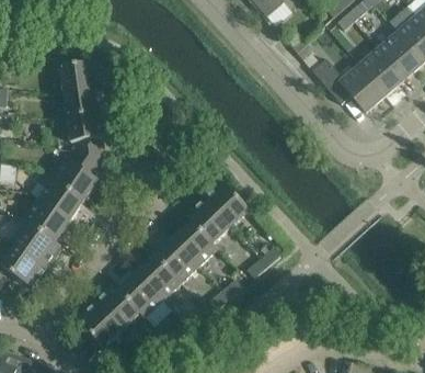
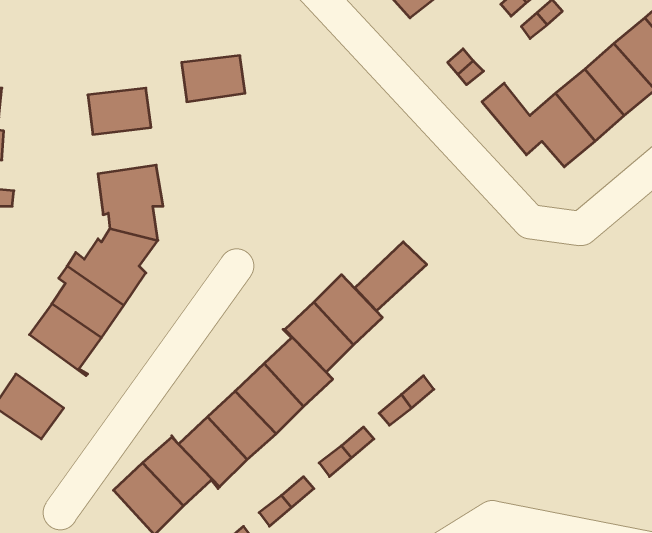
building: [64,87,104,116] -> [182,56,245,102]
building: none -> [355,242,427,311]
building: [14,219,59,267] -> none

